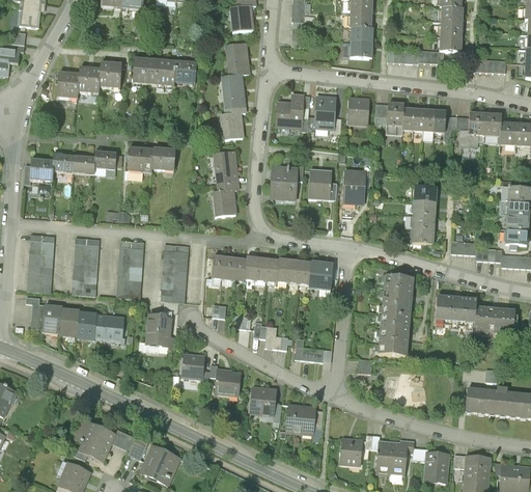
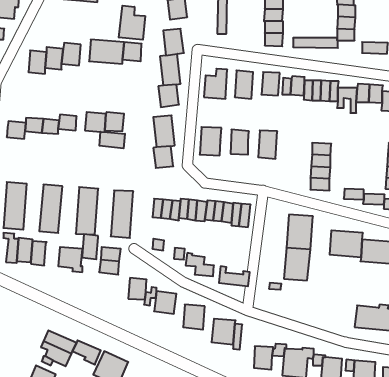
building: none -> [119,6,145,40]
building: none -> [99,132,125,148]
building: [77,310,96,341] -> [82,234,98,259]

